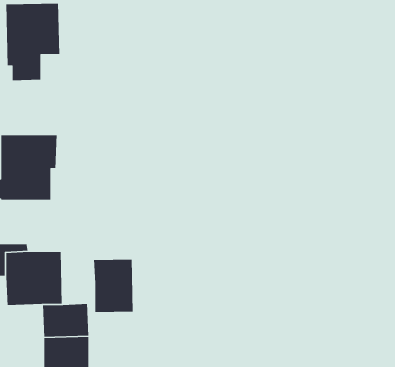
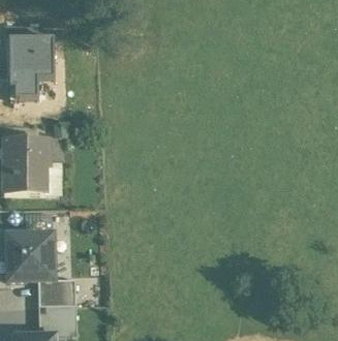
building: [93,259,134,313] -> none

